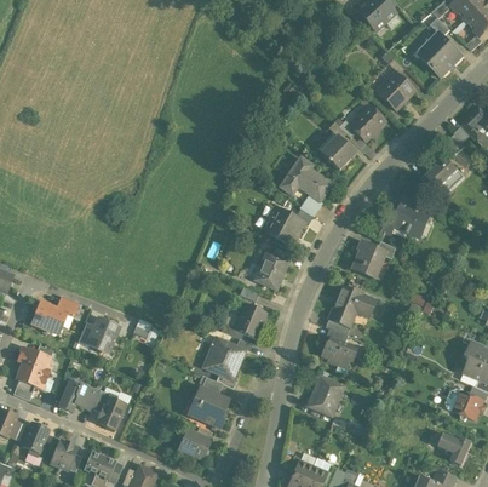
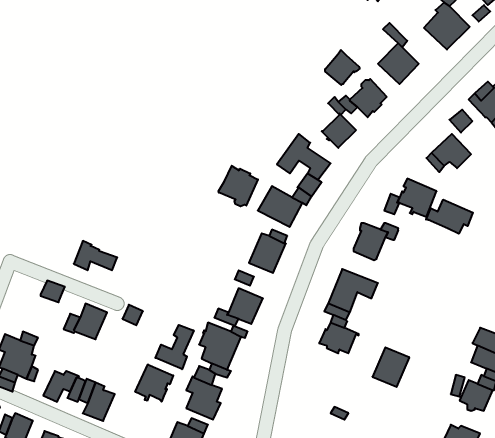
building: none -> [325,50,360,85]
building: none -> [218,166,258,206]
building: none -> [426,200,473,234]
building: [31,300,73,328] -> [74,241,117,270]
building: none -> [155,325,194,369]
building: none -> [135,364,173,402]
building: [308,377,343,414] -> [372,347,409,387]

